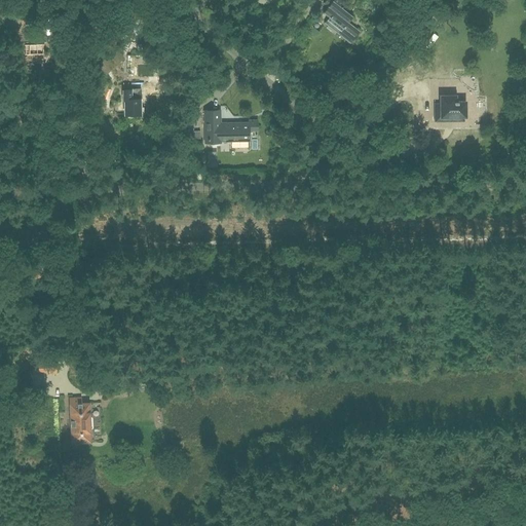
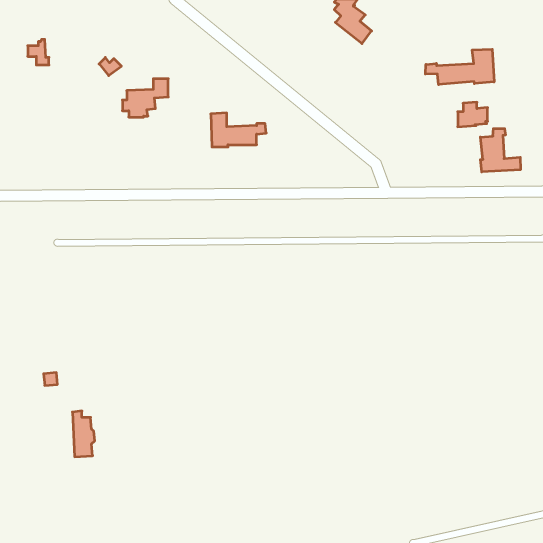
building: none -> [425,49,494,85]
building: none -> [480,129,520,172]

